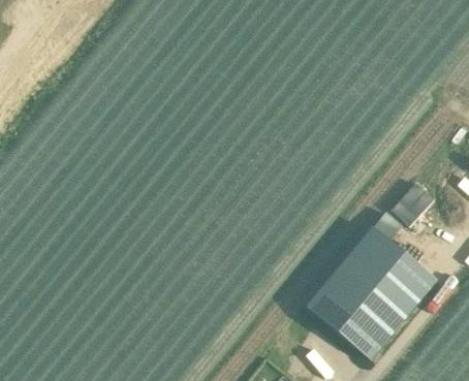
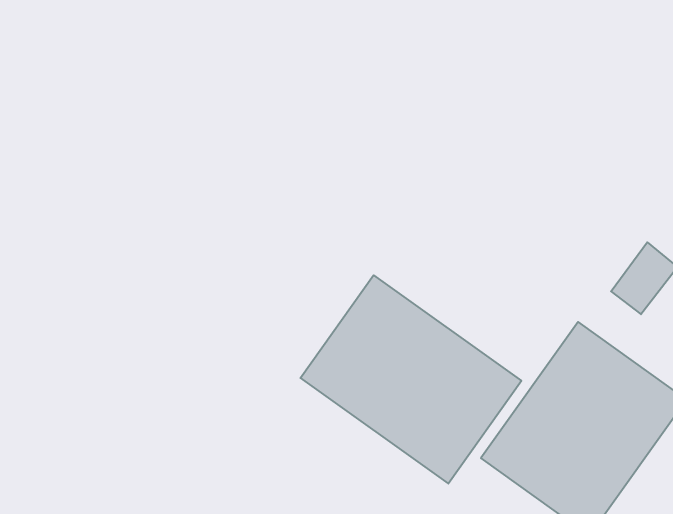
building: none -> [300,275,521,484]

